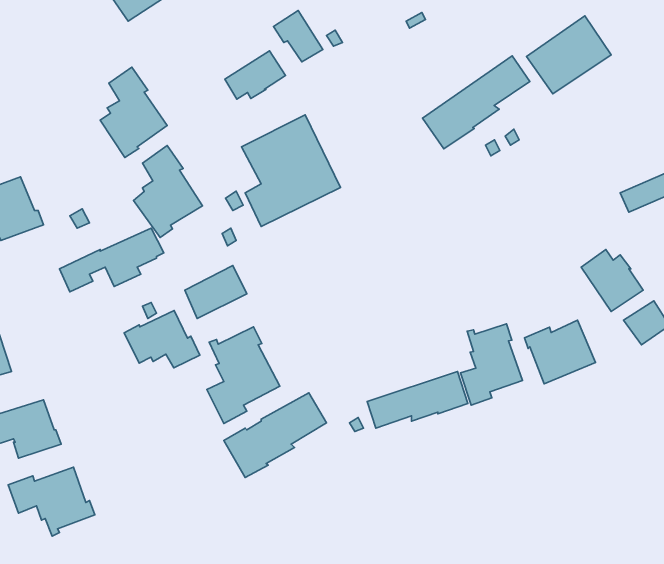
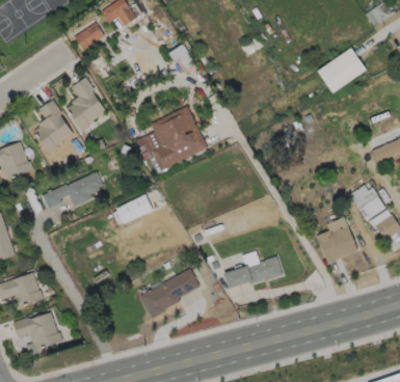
building: [225,51,286,99] -> none
building: [423,56,530,149] -> none
building: [134,146,202,238] -> [33,99,74,153]
building: [124,310,200,368] -> none
building: [460,324,522,405] -> none
building: [207,327,280,423] -> none

